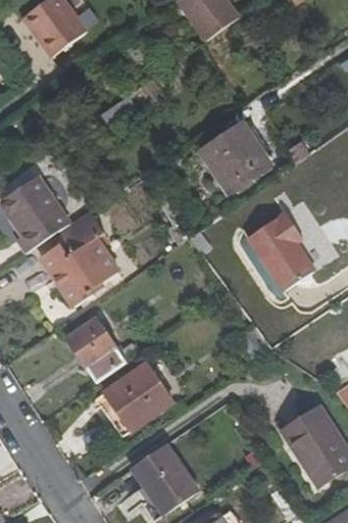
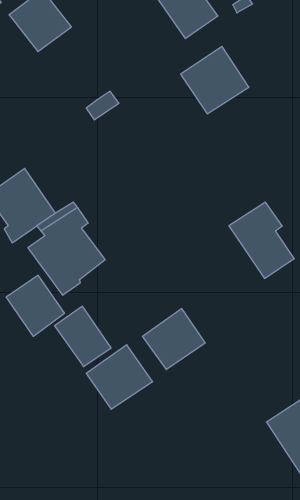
building: [198,122,268,191] -> [181,46,249,114]
building: none -> [6,275,64,336]
building: none -> [143,309,205,370]
building: [131,442,195,512] -> none

